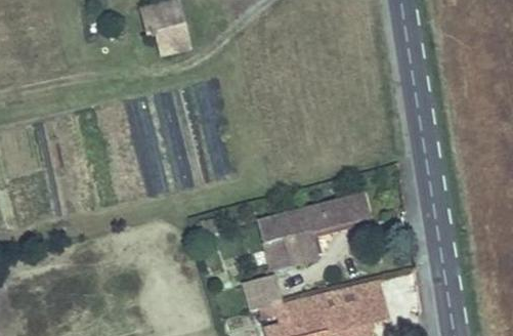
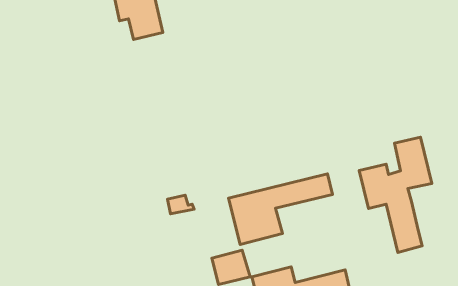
building: none -> [359,137,432,252]

